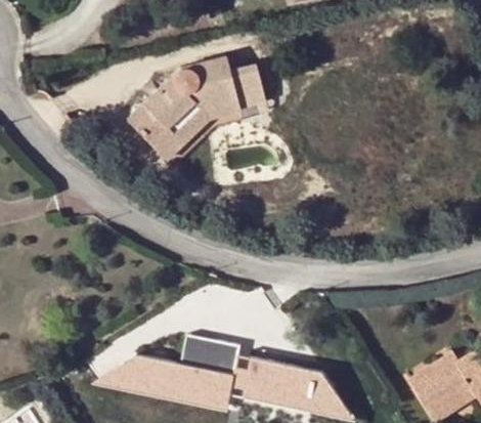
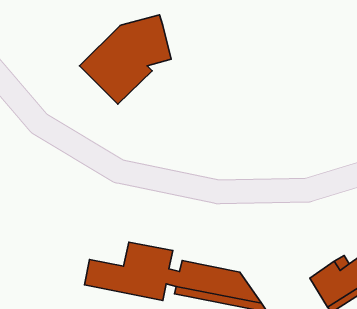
building: [228,62,265,111] -> none
building: [91,355,228,412] -> none

